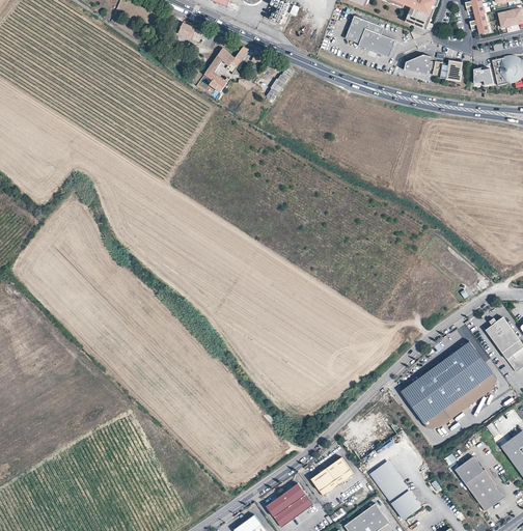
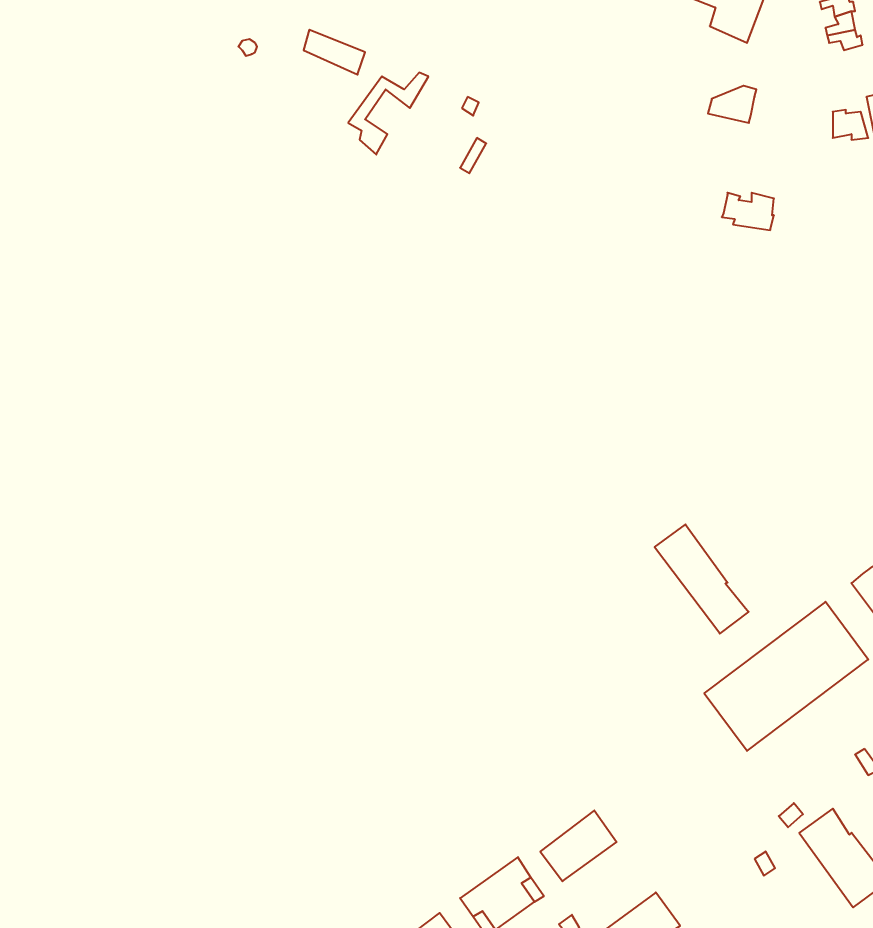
building: [346,15,395,57] -> none
building: [432,60,461,81] -> [722,193,774,230]
building: none -> [655,524,749,634]
building: [370,463,419,519] -> none

